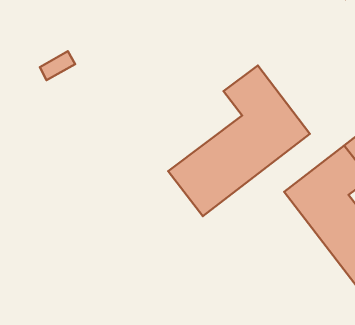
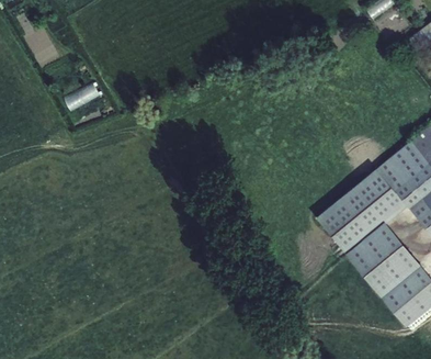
building: [168,65,310,216] -> none

